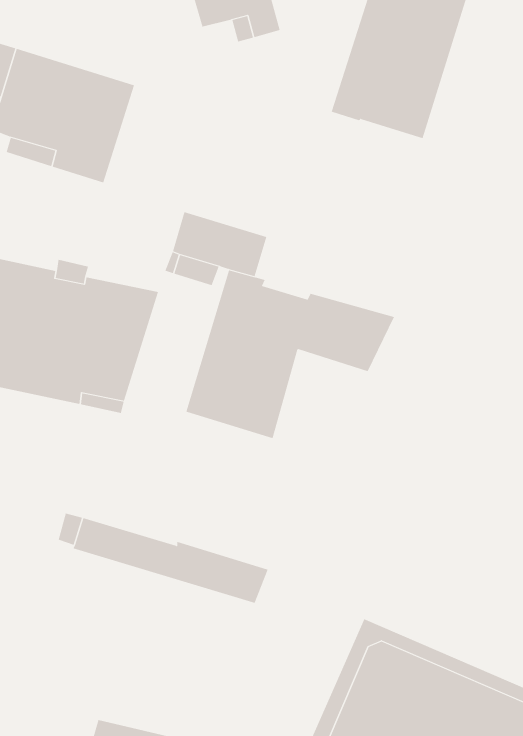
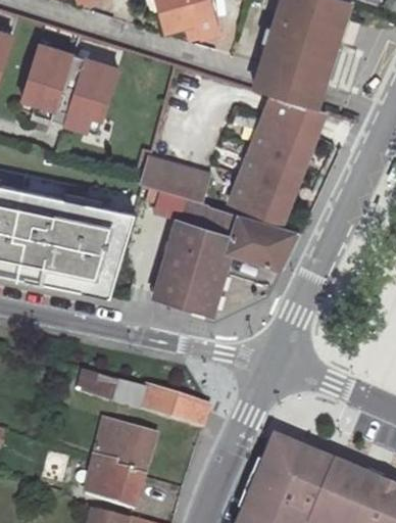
building: none -> [230,95,328,224]
building: none -> [86,418,157,510]

